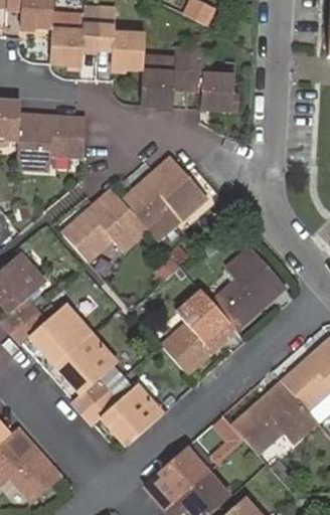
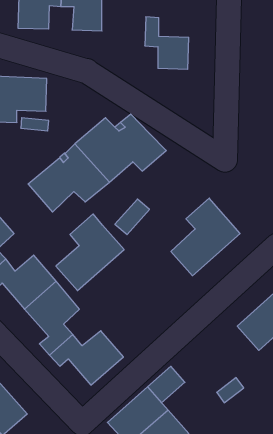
building: [140,49,188,105] -> none
building: [165,291,238,373] -> [56,214,124,291]
building: [237,383,321,453] -> none

